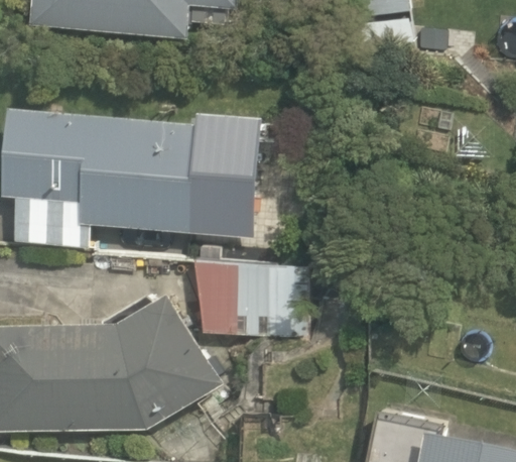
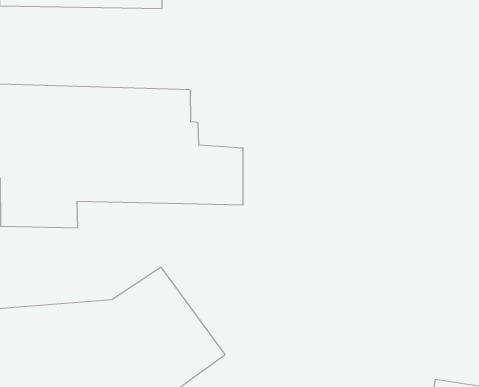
building: [195,258,303,343] -> none

